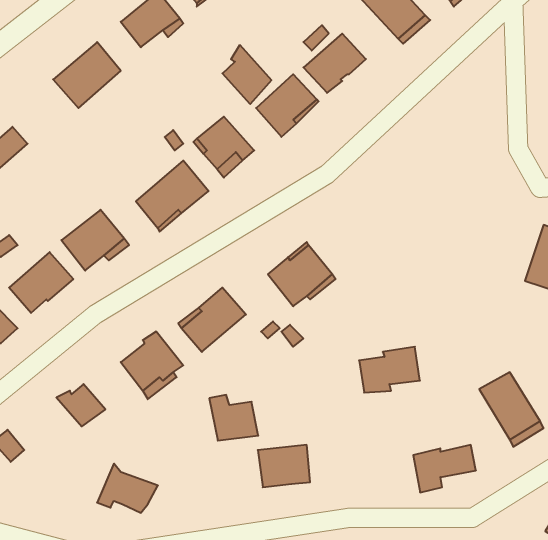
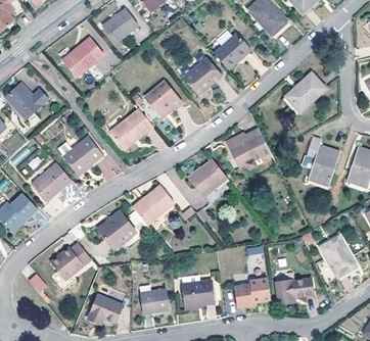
building: [222,45,271,104] -> none
building: none -> [285,72,326,113]
building: none -> [229,126,273,166]
building: none -> [302,138,339,186]
building: [359,347,420,393] -> [237,278,274,305]
building: [209,395,258,441] -> [142,284,172,311]
building: none -> [51,251,80,278]

